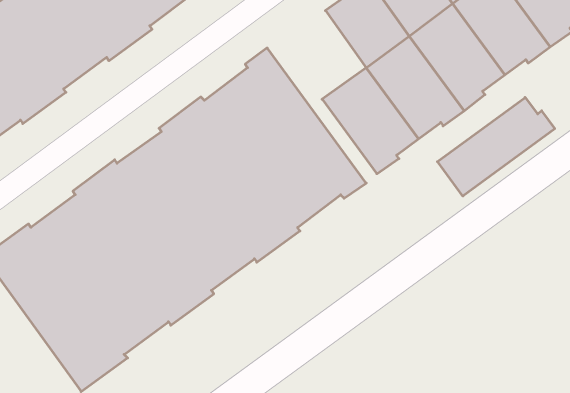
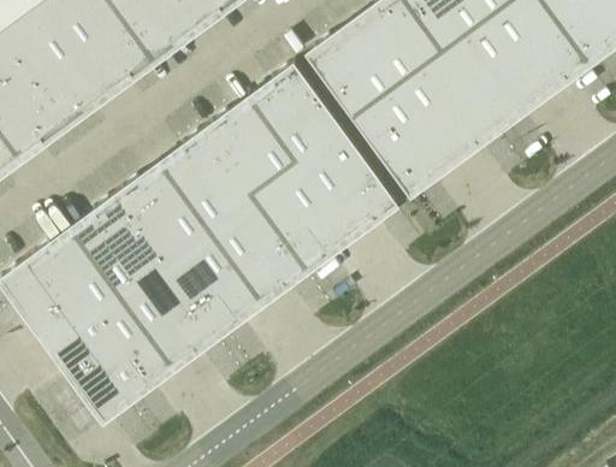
building: none -> [306,25,396,117]
building: [437,97,555,196] -> none

